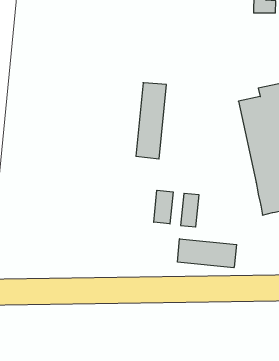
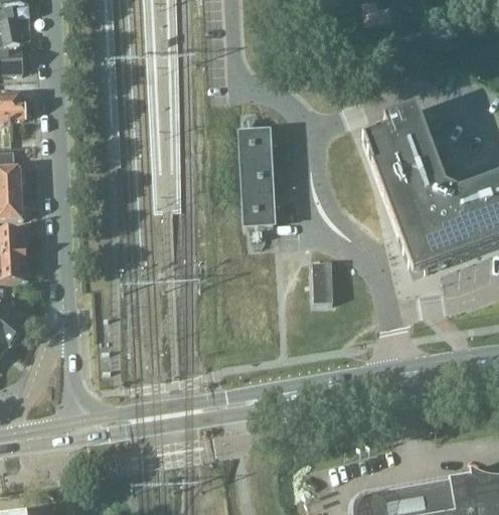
building: [154,190,173,224] -> none
building: [178,239,237,268] -> none

